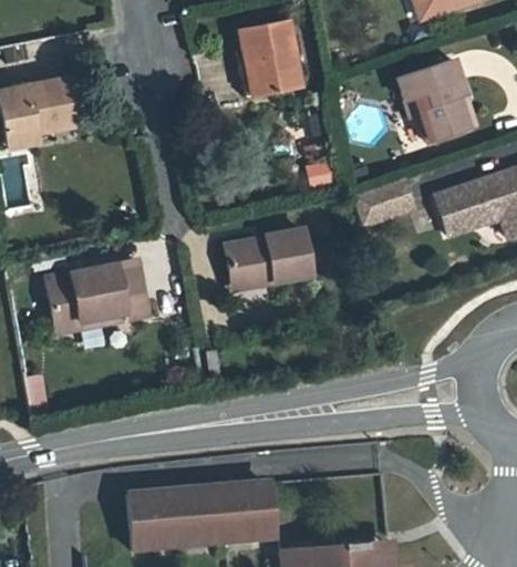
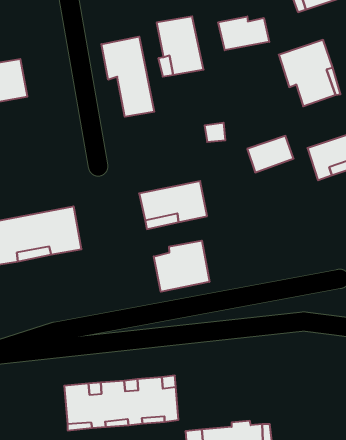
building: none -> [218,16,269,50]
building: none -> [101,37,154,117]
building: none -> [154,241,209,292]

